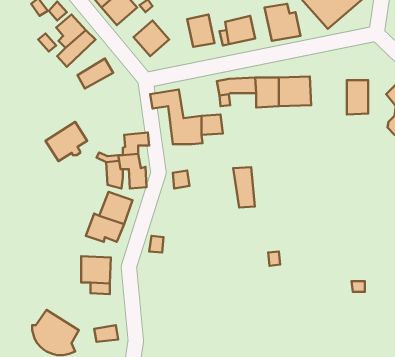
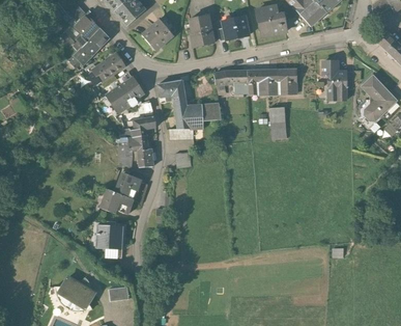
building: [45,122,87,161] -> [108,78,144,112]
building: [233,167,255,208] -> [268,109,287,144]

